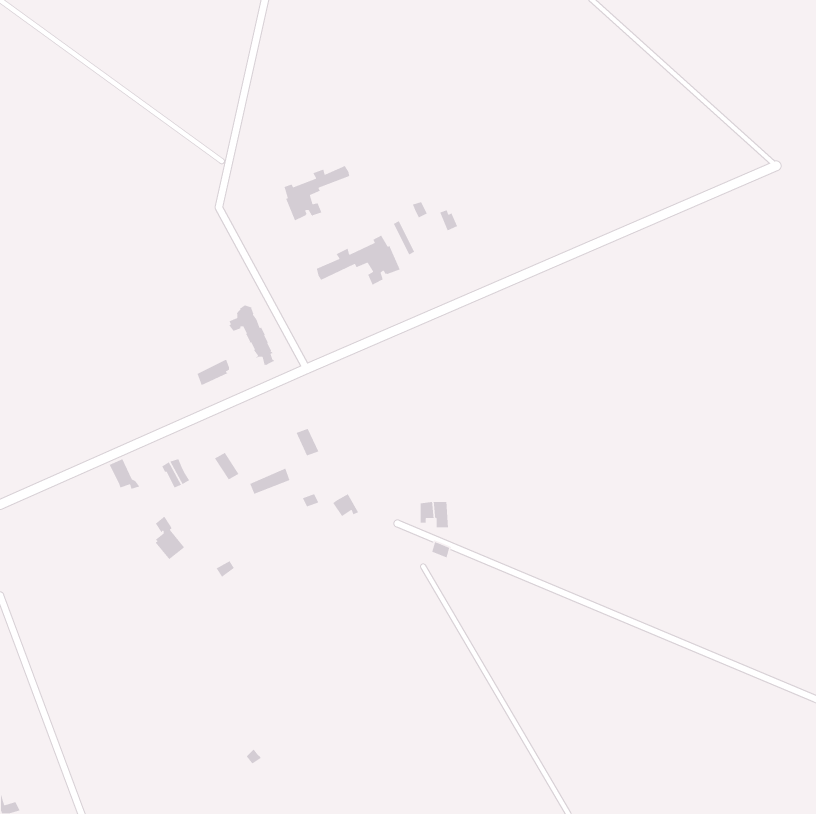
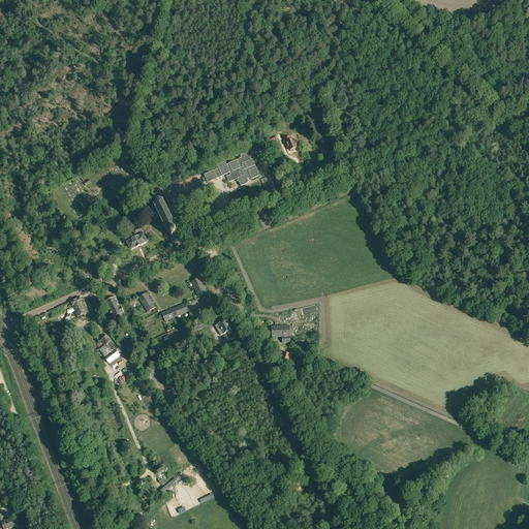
building: [283,165,350,221] -> none

